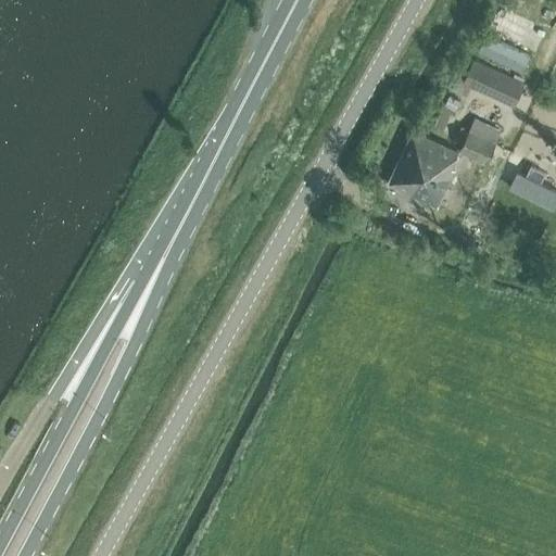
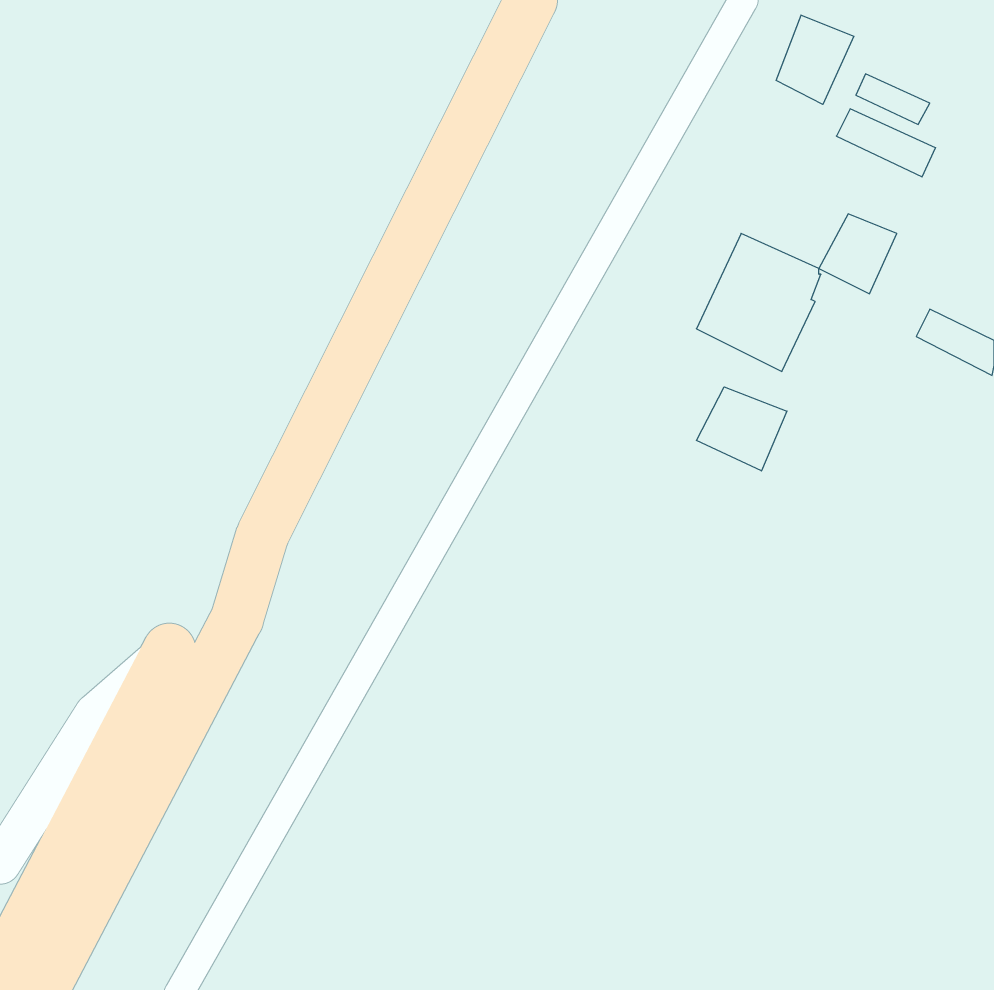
building: none -> [776,15,854,104]
building: none -> [696,387,787,471]

